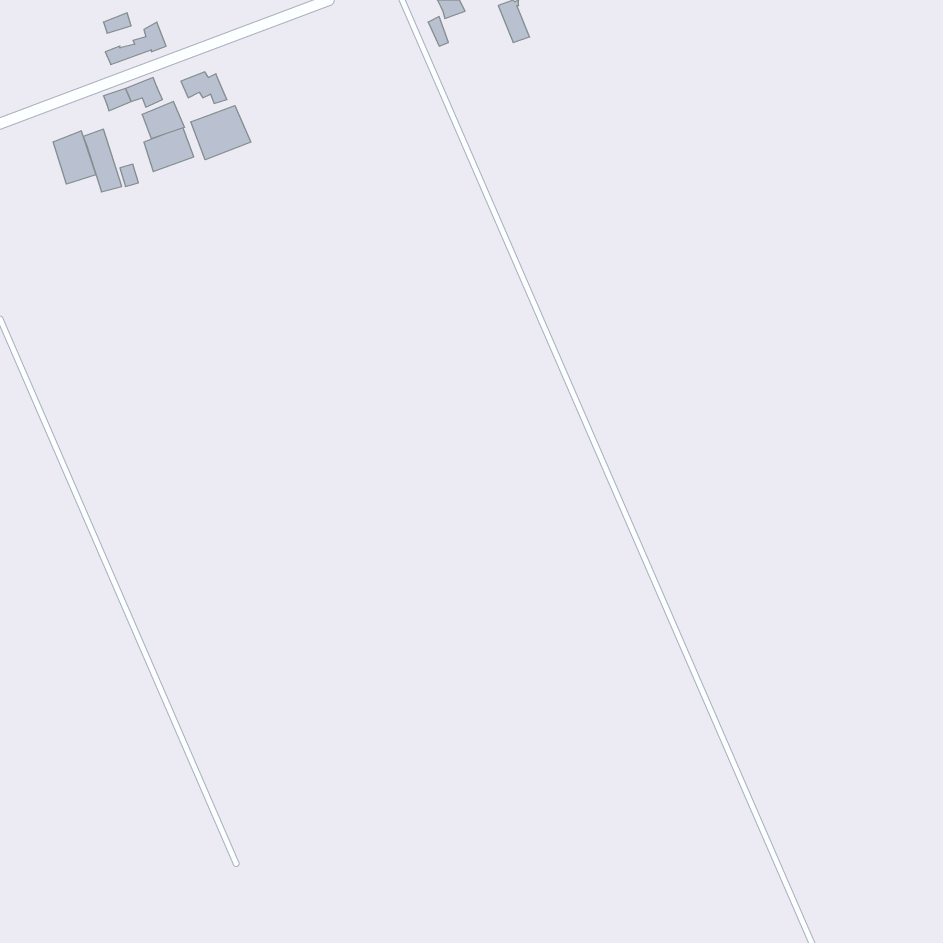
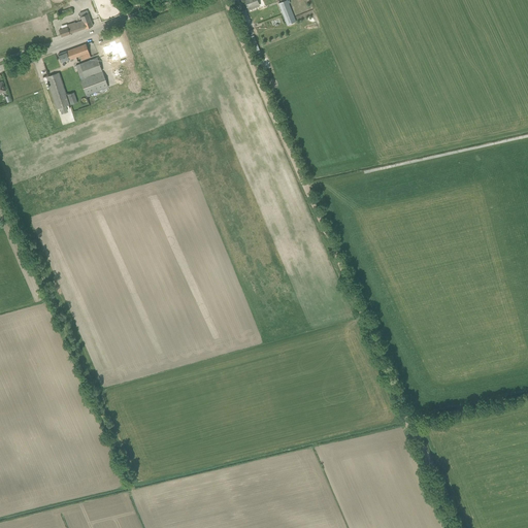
building: [191,106,251,160] -> none
building: [53,131,96,184] -> none

